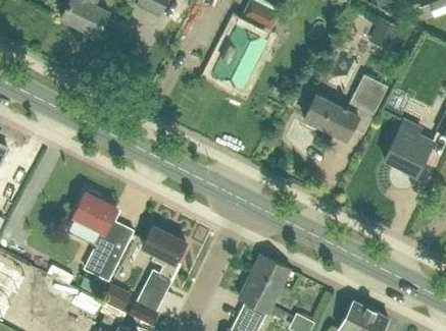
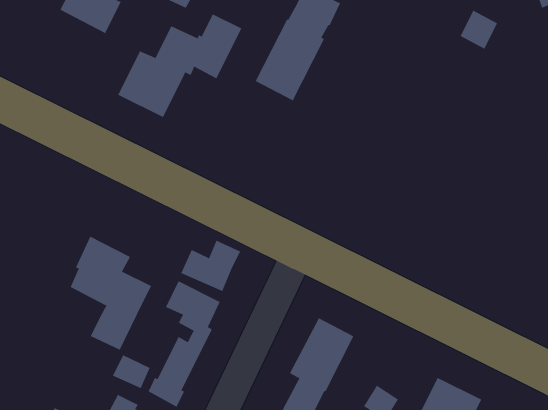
building: none -> [117,13,242,118]
building: [304,75,387,134] -> none
building: [385,122,432,175] -> none
building: none -> [181,240,241,292]

